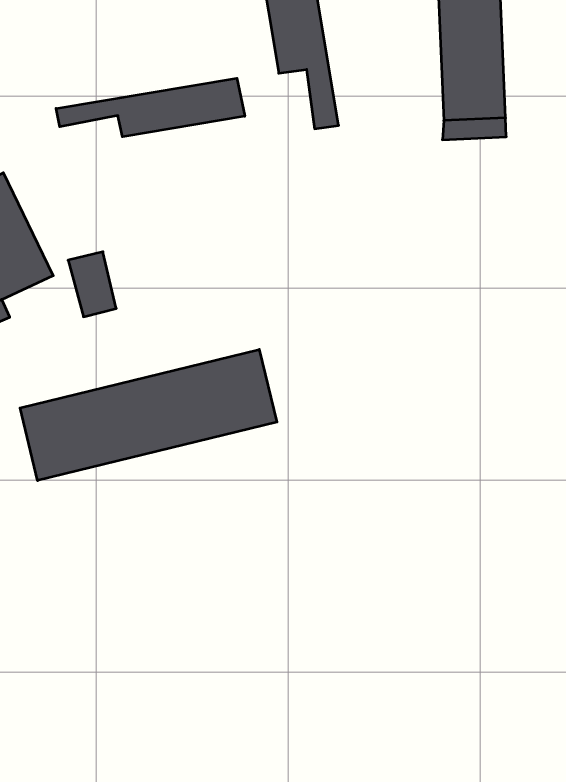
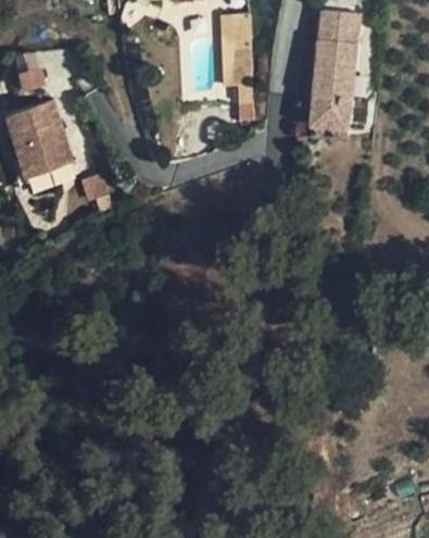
building: [56,78,245,137] -> none
building: [20,349,277,481] -> none

